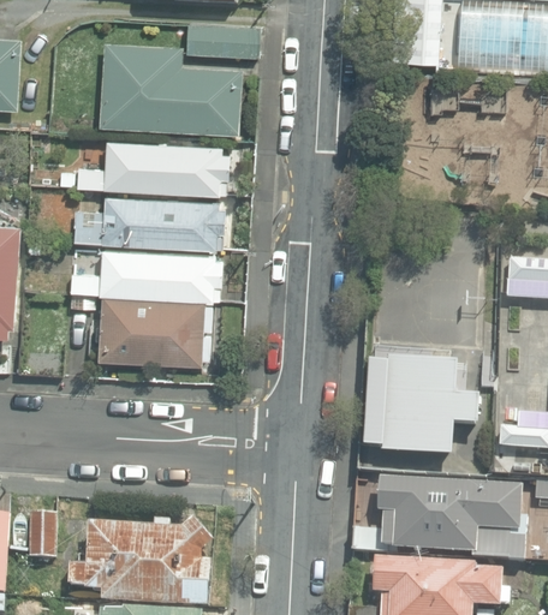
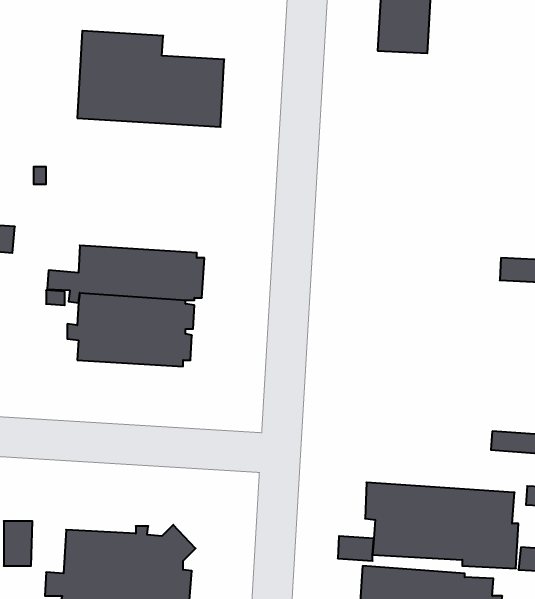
building: [184,22,256,59] -> none
building: [78,141,228,195] -> none
building: [75,197,225,249] -> none
building: [359,341,472,447] -> none

